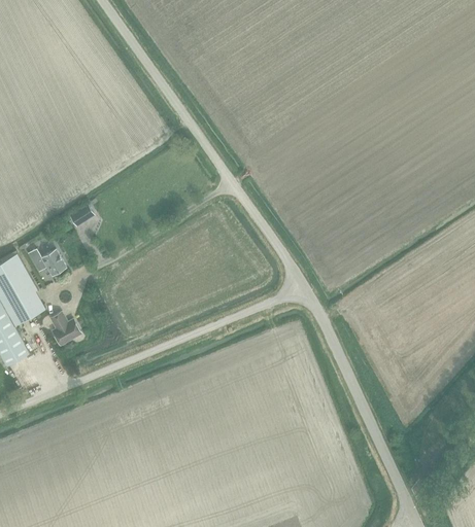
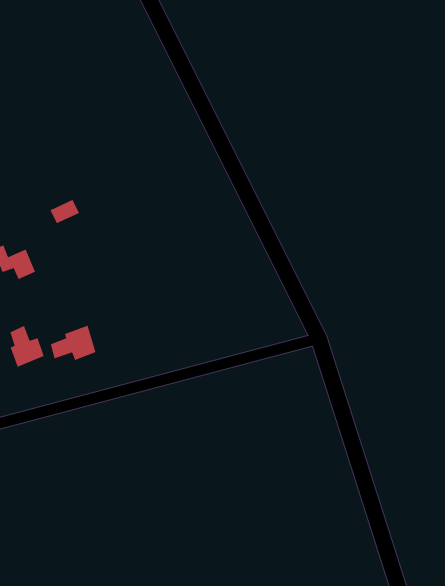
building: none -> [50,325,96,361]

